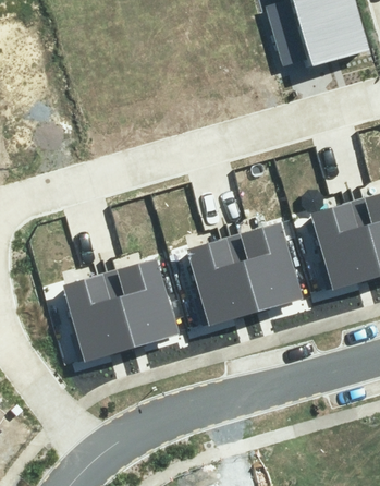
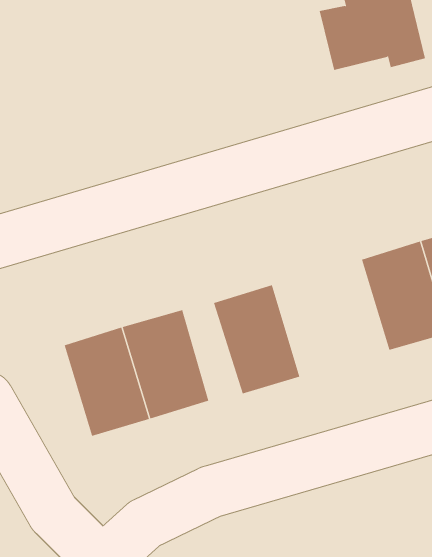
building: [233,222,305,313] -> none

